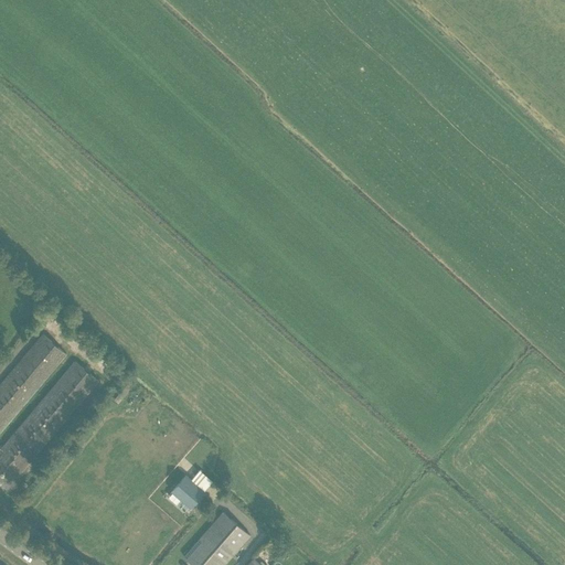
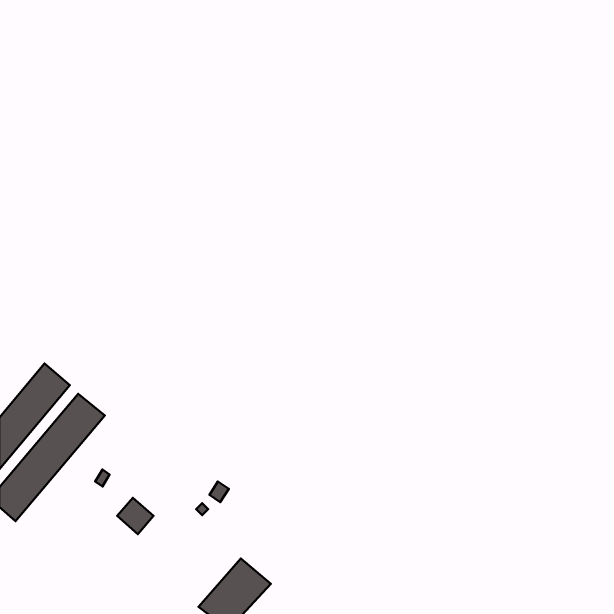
building: [170,476,203,509] -> [117,498,153,534]

